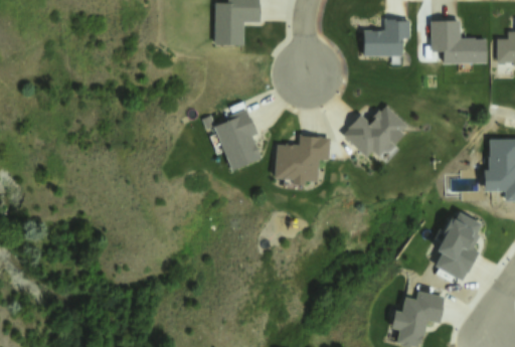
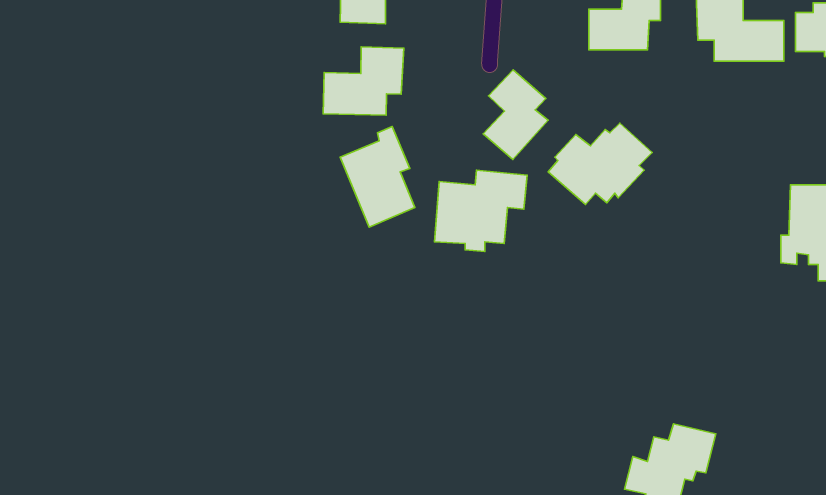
building: none -> [323,47,404,115]
building: none -> [483,70,548,160]
building: [439,213,489,284] -> none

